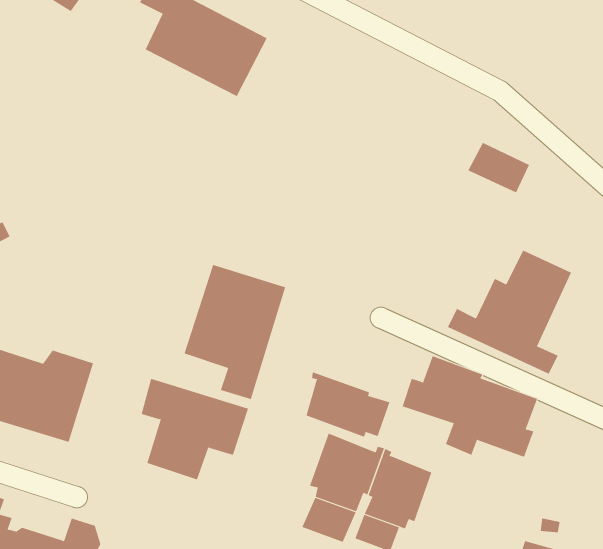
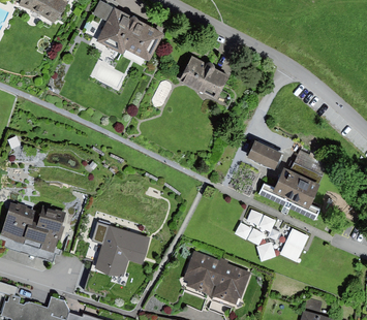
building: none -> [180,55,230,94]
building: [467,142,530,193] -> [248,139,282,167]
building: [184,264,286,400] -> none
building: [306,372,390,437] -> none

